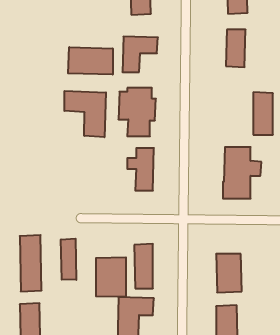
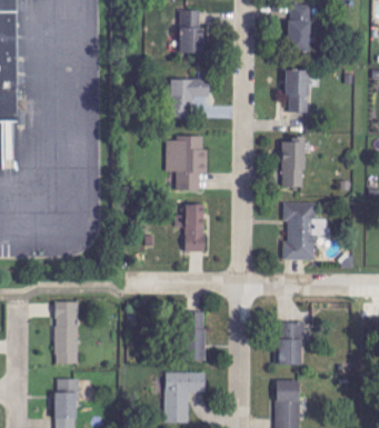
building: [68,47,113,75] -> none
building: [64,91,106,137] -> none
building: [253,92,273,135] -> [282,139,305,187]
building: [61,239,76,280] -> none
building: [96,257,126,297] -> none

